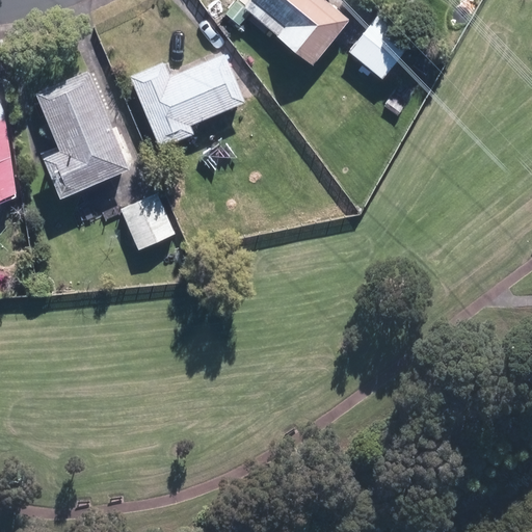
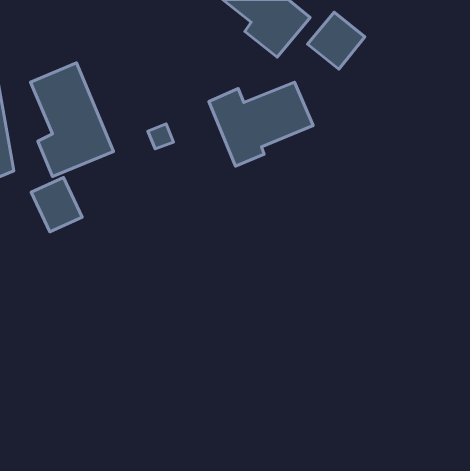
building: [129,53,246,148] -> [209,82,313,166]
building: [119,191,177,252] -> [31,177,82,232]

